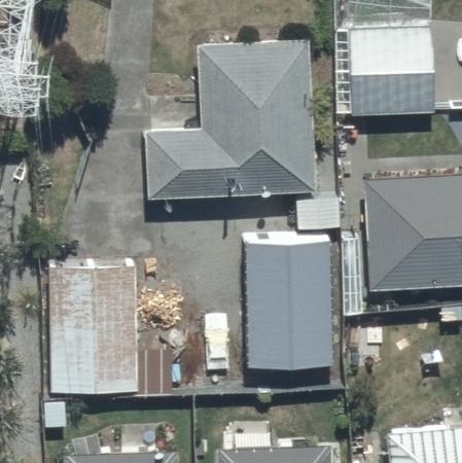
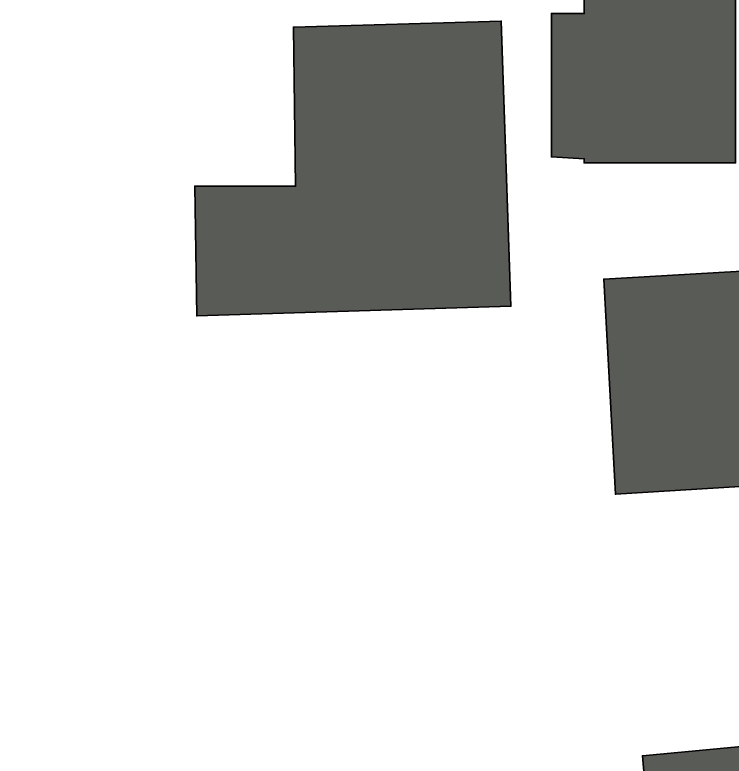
building: [245,241,334,365] -> none
building: [50,266,141,395] -> none

